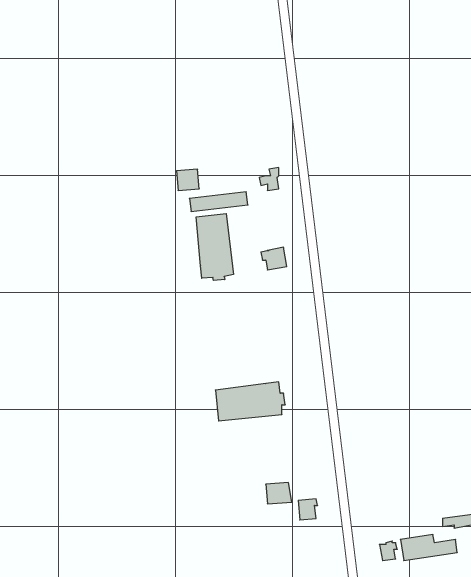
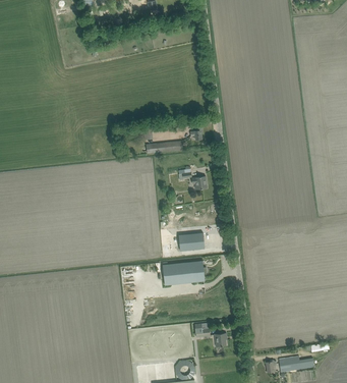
building: [196,214,233,280] -> none
building: none -> [179,232,205,251]

